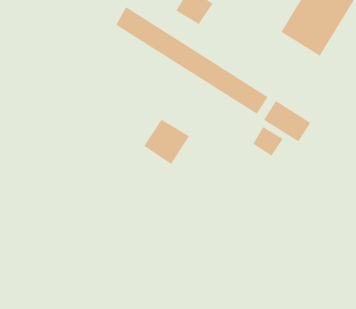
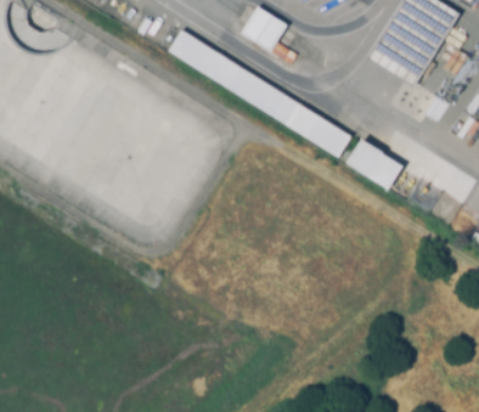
building: [143,119,190,165] -> none
building: [253,126,283,156] -> none

